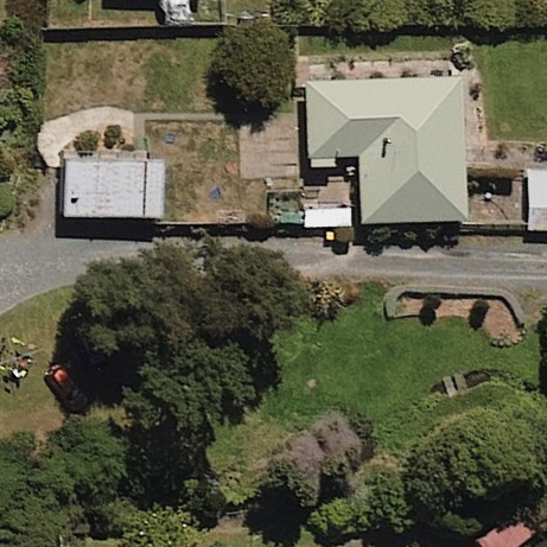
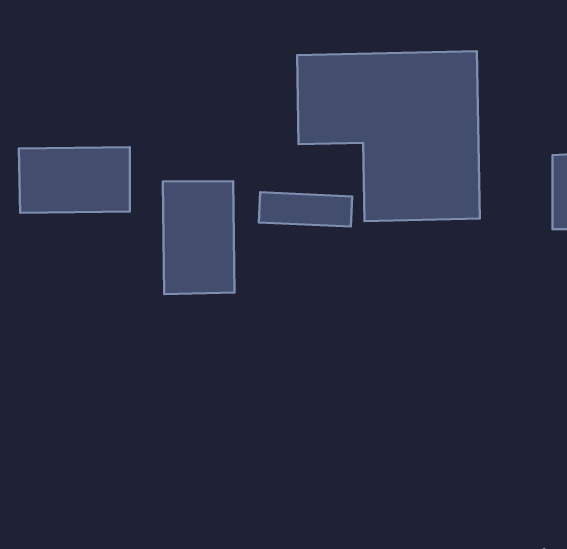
building: none -> [163,181,235,294]

